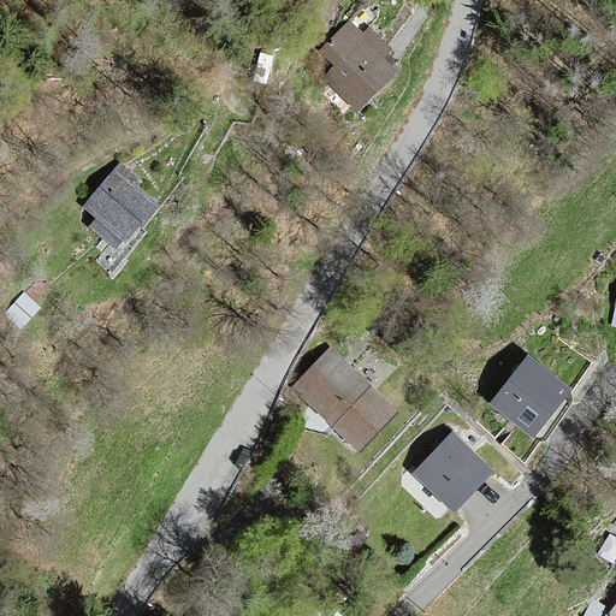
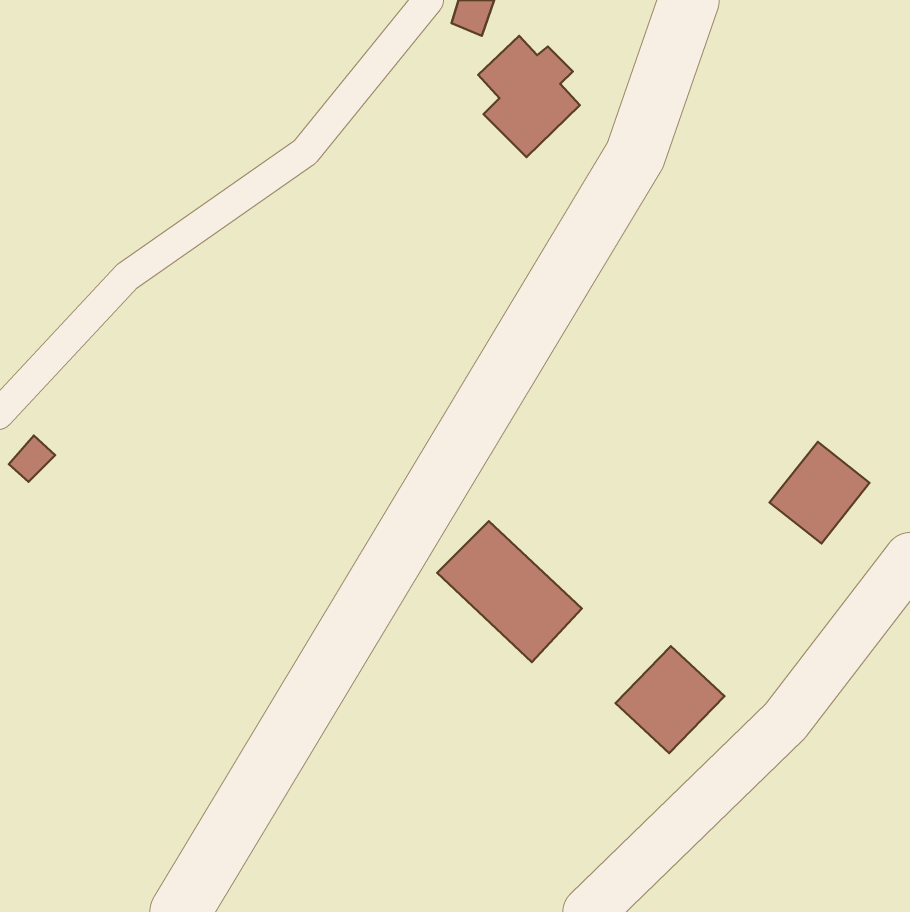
building: [85,164,153,245] -> none
building: [497,363,564,432] -> [770,442,870,544]

